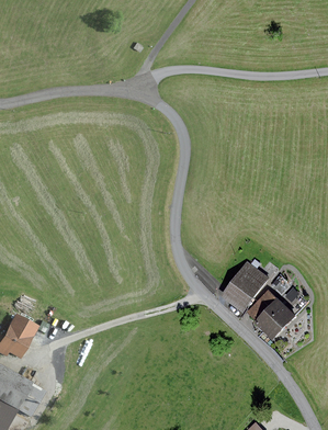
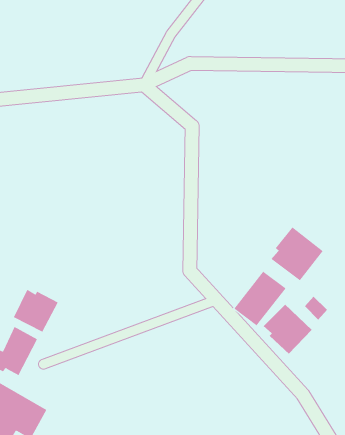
building: none -> [271,226,324,281]
building: none -> [13,289,58,333]

